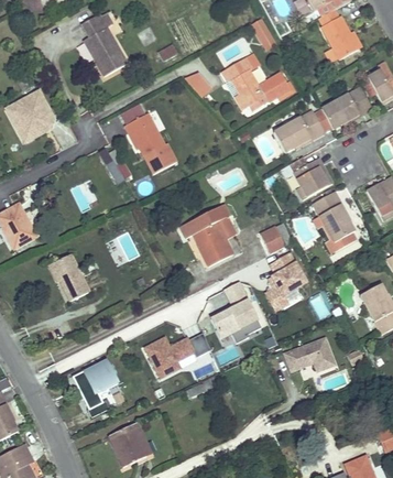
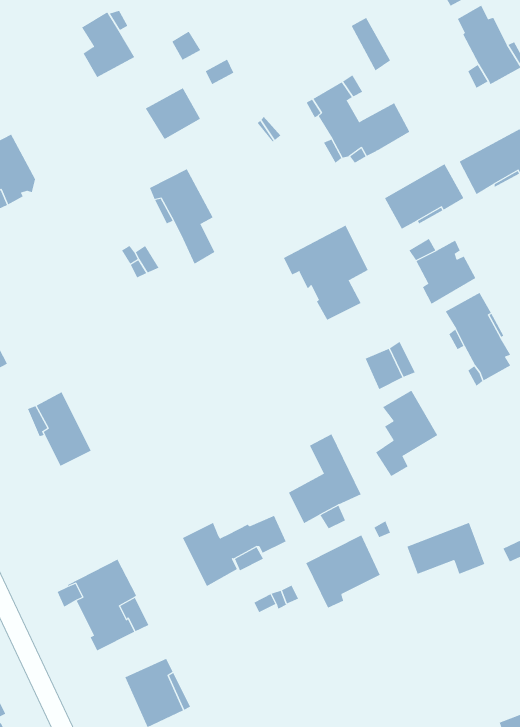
building: [90,42,125,75] -> [145,88,201,140]
building: [181,204,234,264] -> [283,225,369,321]
building: none -> [305,535,381,608]

